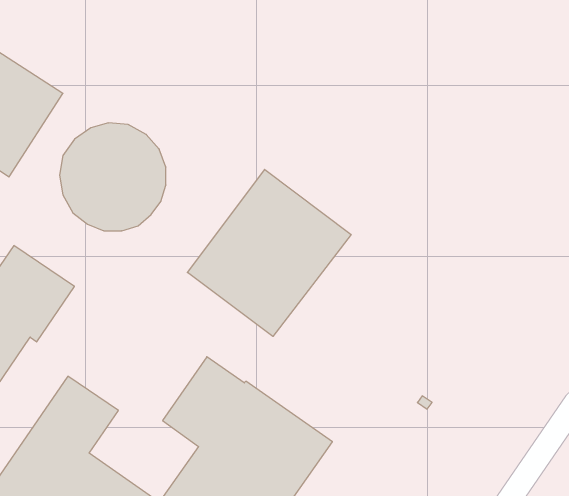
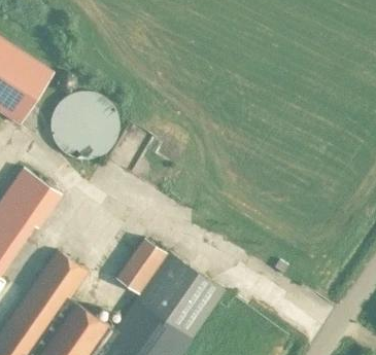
building: [187,169,351,336] -> none

